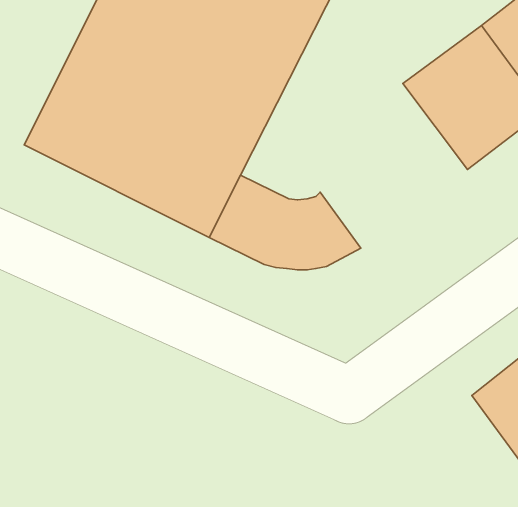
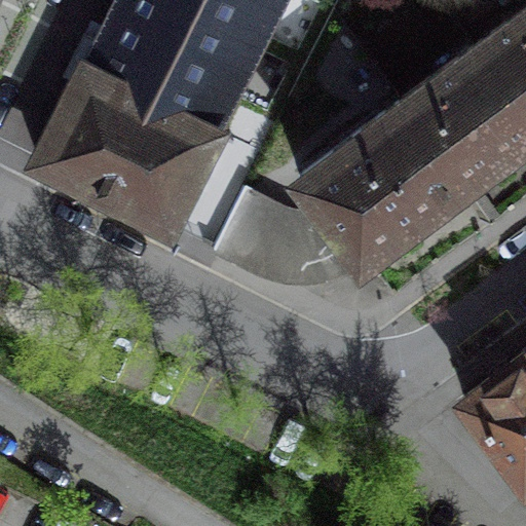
building: none -> [293,106,455,263]

